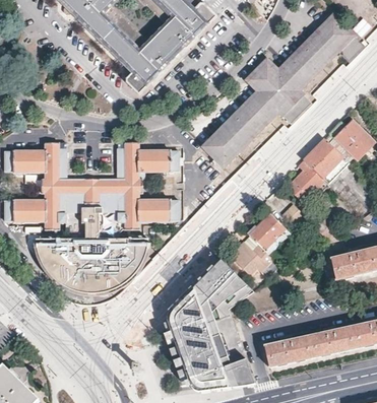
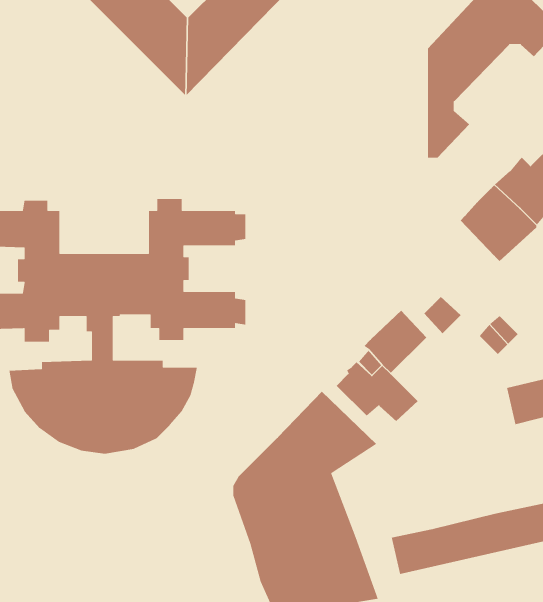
building: [196,54,286,170] -> none
building: [288,158,325,201] -> none

